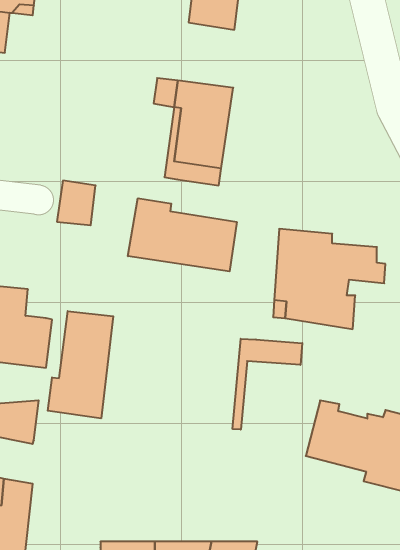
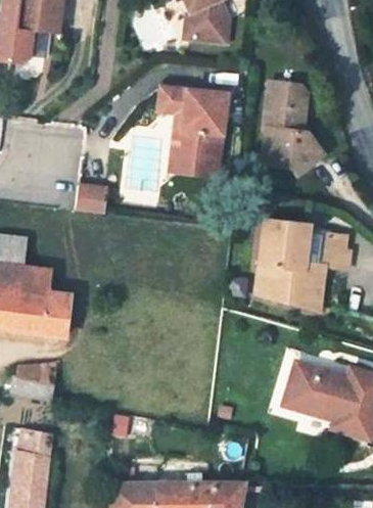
building: none -> [266,78,331,178]
building: [128,198,237,271] -> none
building: [48,311,113,418] -> none
building: [233,339,302,430] -> none

